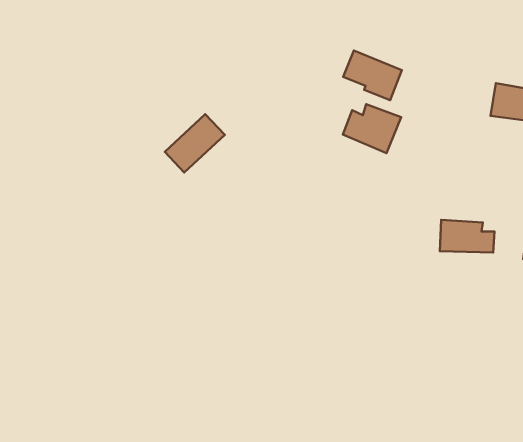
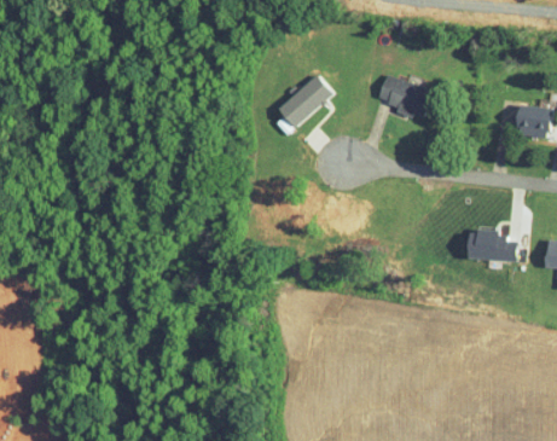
building: [343,104,401,153] -> none
building: [165,114,225,173] -> [277,75,332,129]

